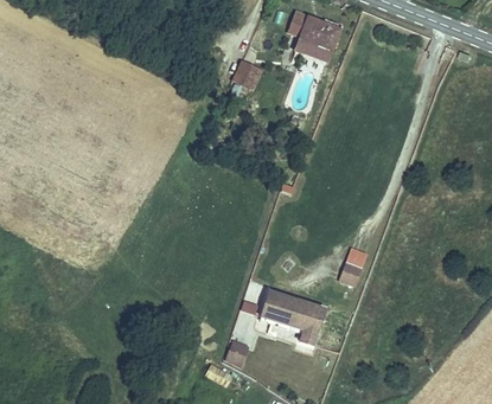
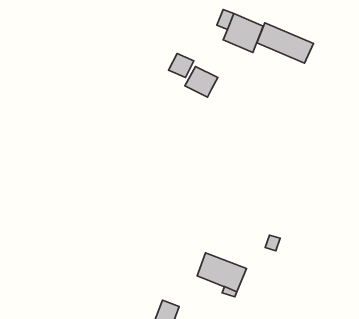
building: none -> [257,23,313,63]
building: none -> [185,66,218,97]

